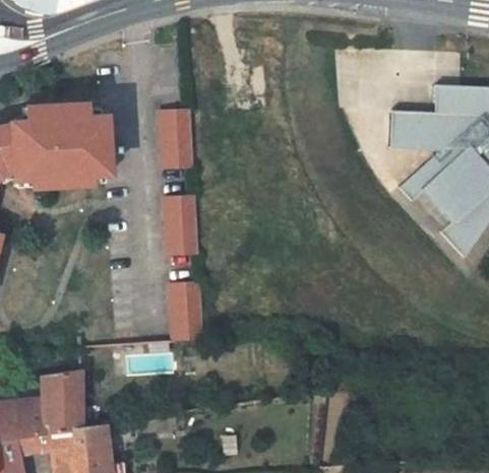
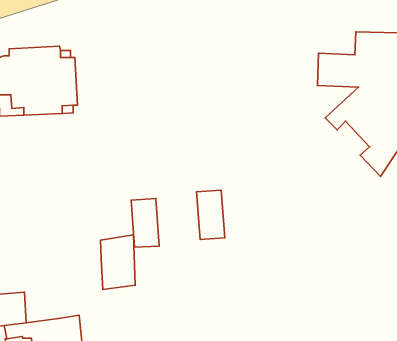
building: [158,111,191,168] -> none
building: [163,197,196,256] -> [197,190,225,239]
building: [40,367,81,432] -> [100,235,135,289]

